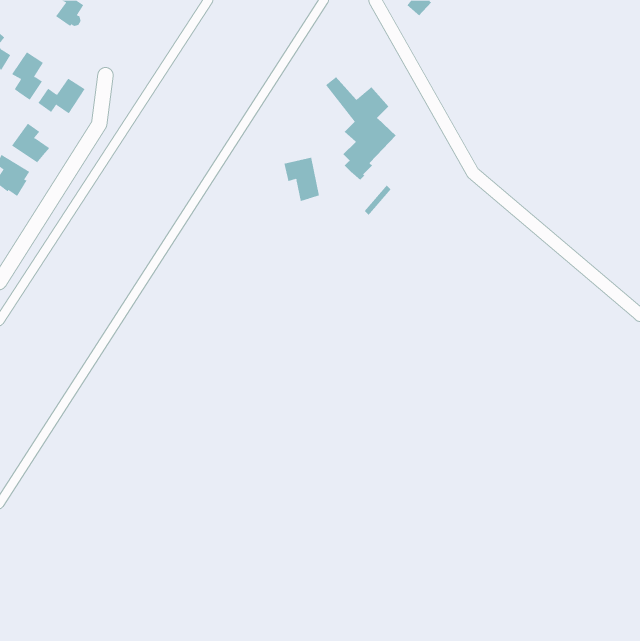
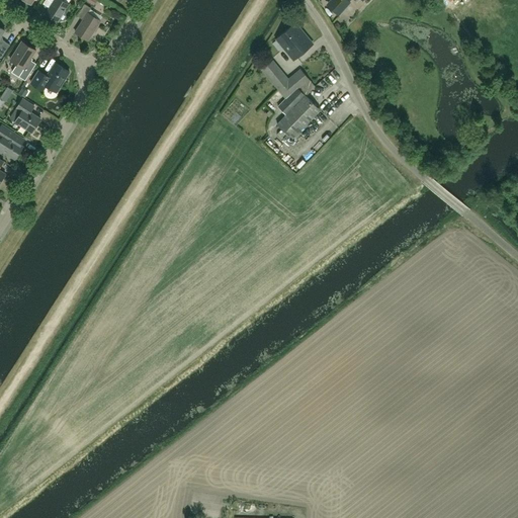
building: none -> [74,4,99,40]
building: none -> [275,23,312,60]
building: [284,157,320,202] -> none

